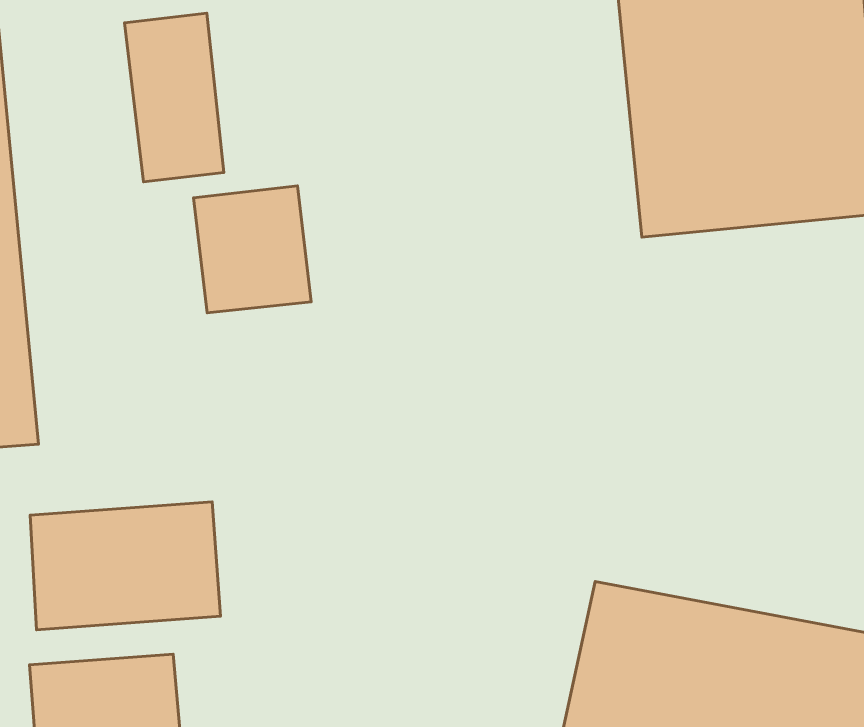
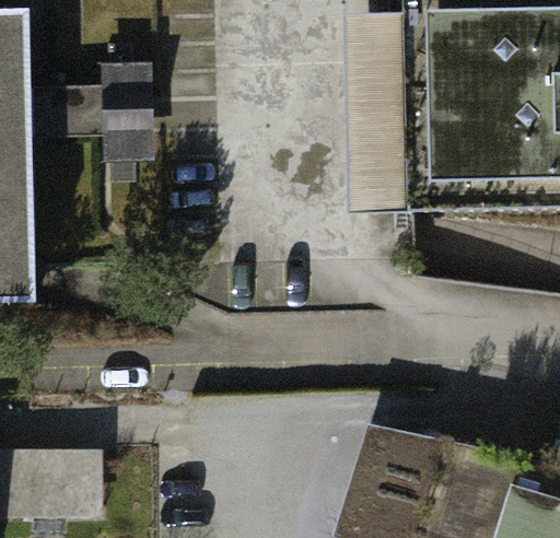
building: [194,186,311,313] -> none
building: [30,502,221,630] -> none

